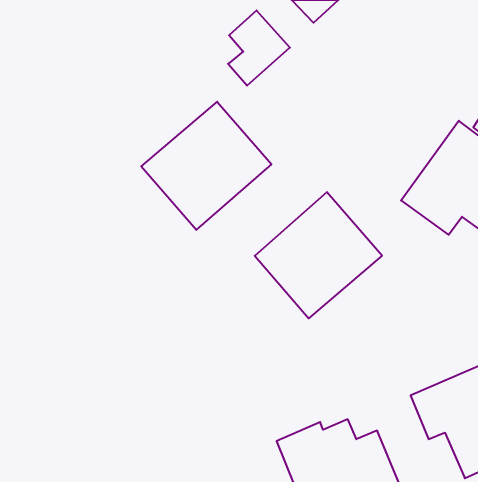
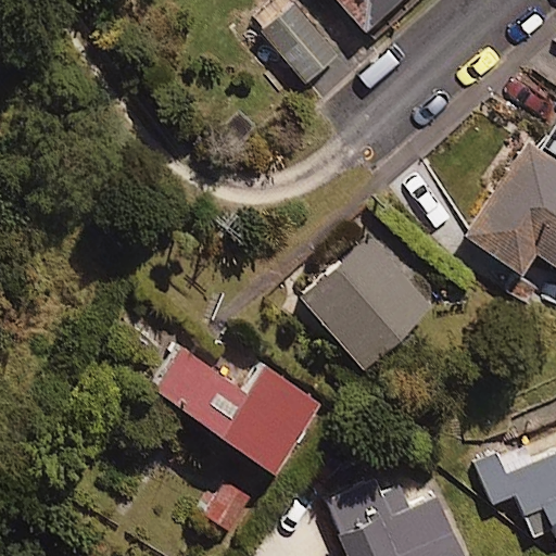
building: [141,102,271,230] -> none
building: none -> [151,345,320,475]

